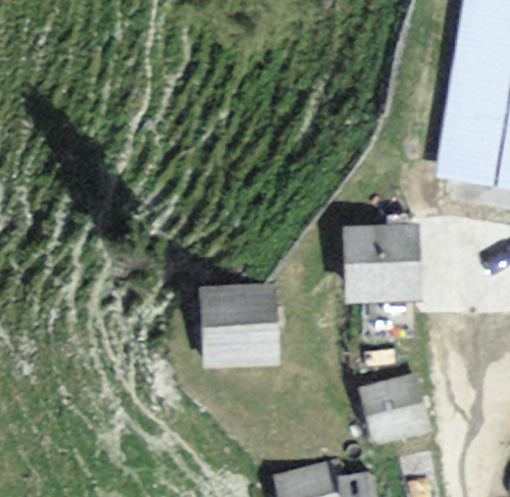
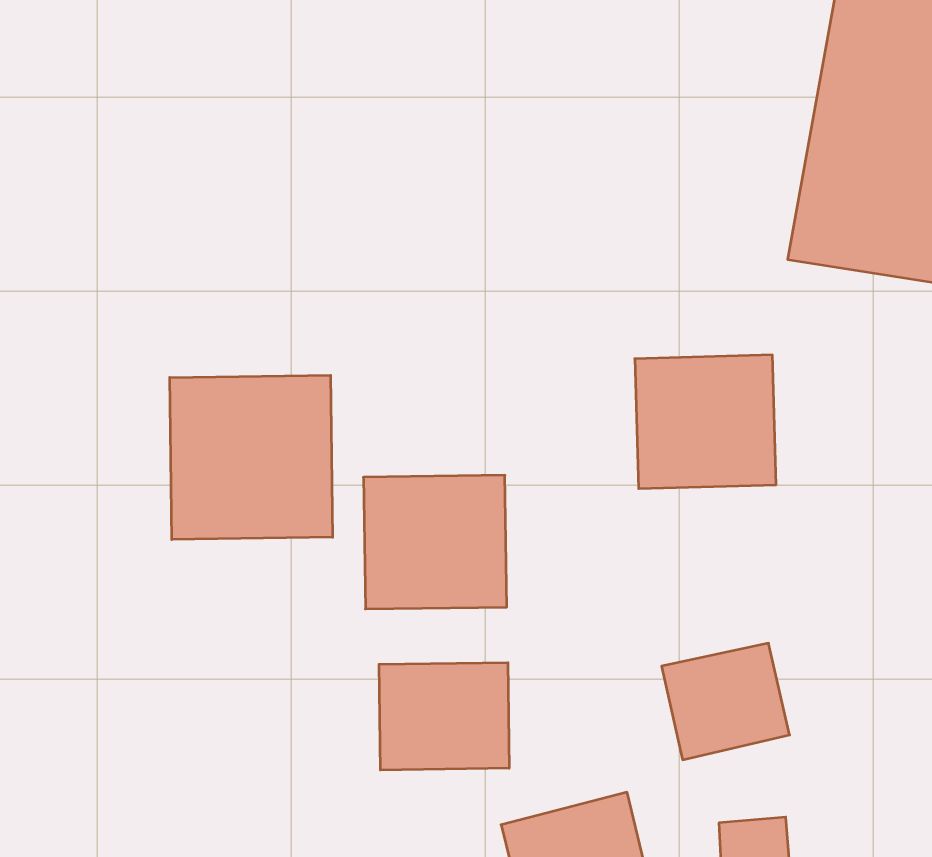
building: none -> [170,375,333,540]
building: none -> [379,663,509,770]

